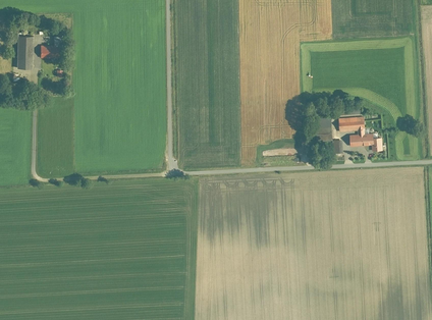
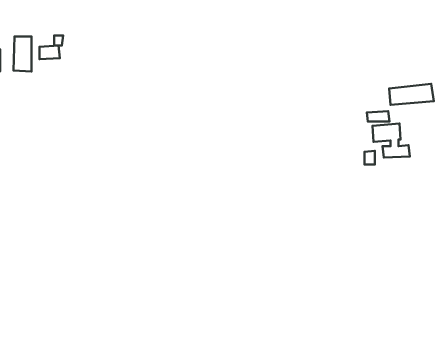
building: none -> [389,84,434,105]

